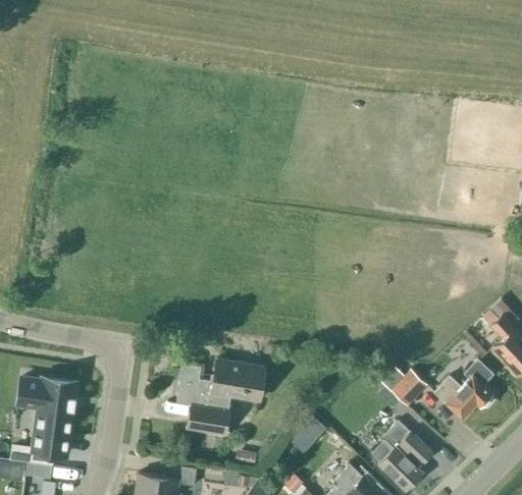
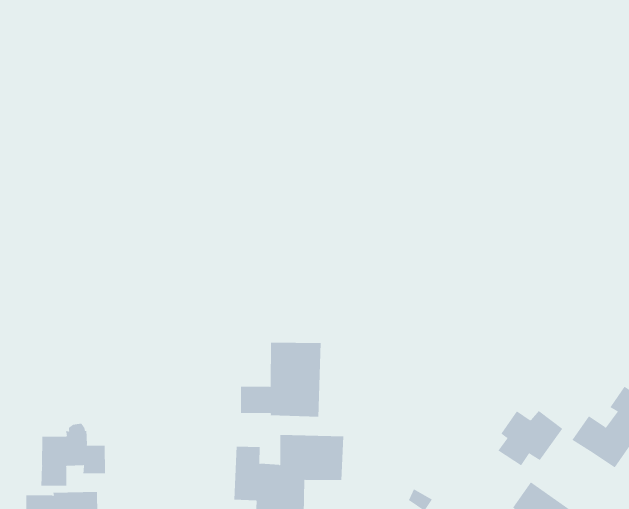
building: none -> [240,342,321,418]
building: none -> [41,423,105,486]

